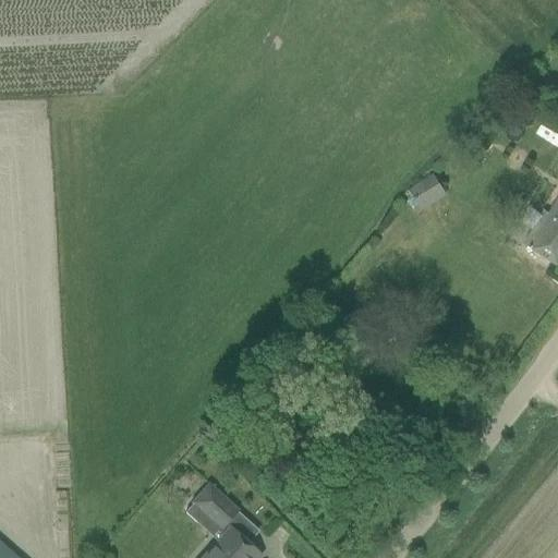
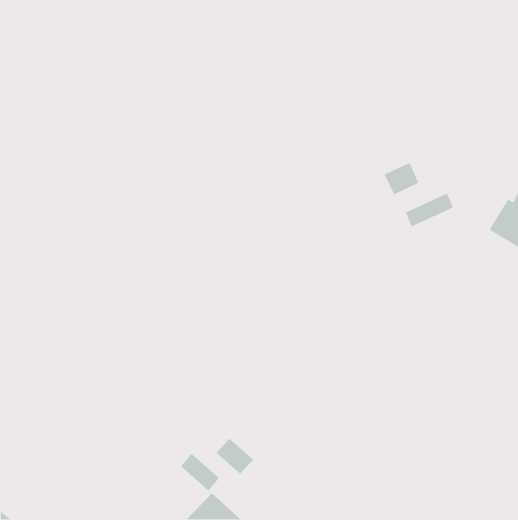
building: none -> [405,193,454,227]
building: none -> [216,438,254,474]

